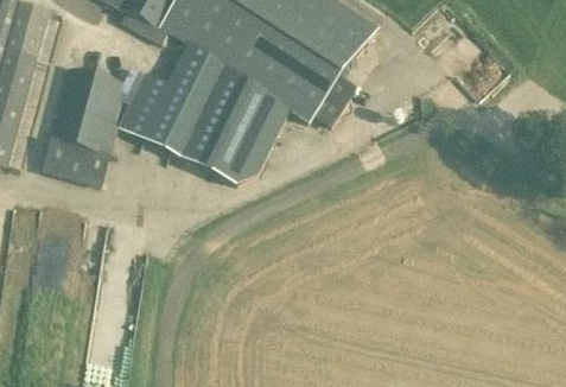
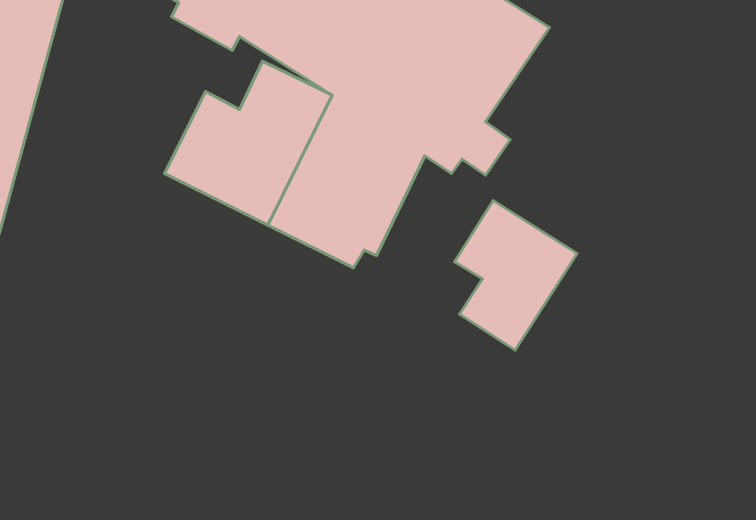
building: [42,65,126,185] -> none
building: none -> [454,201,577,350]

